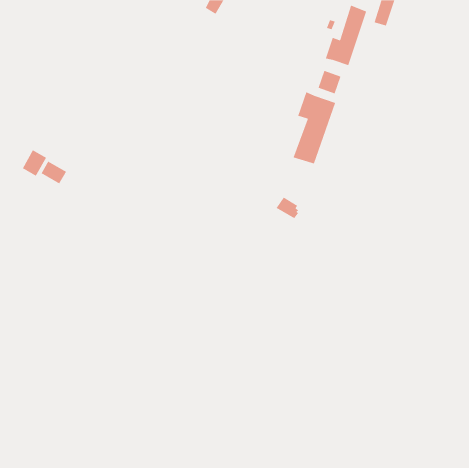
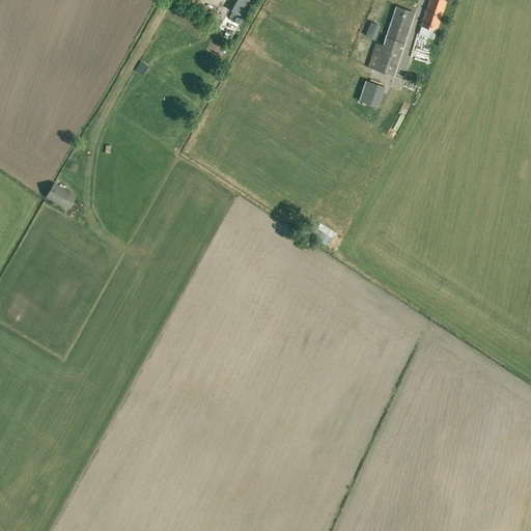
building: [293,91,336,164] -> none
building: [22,149,47,177] -> none

